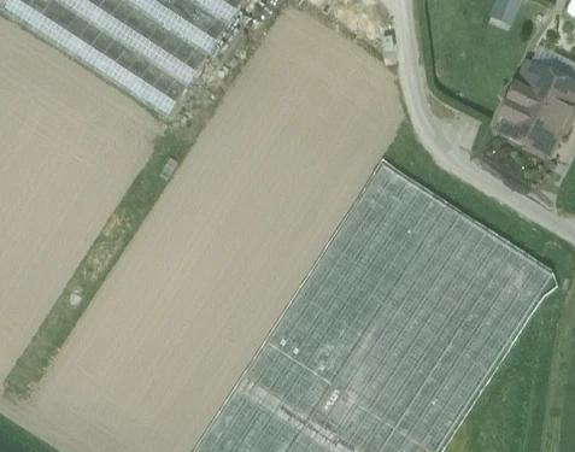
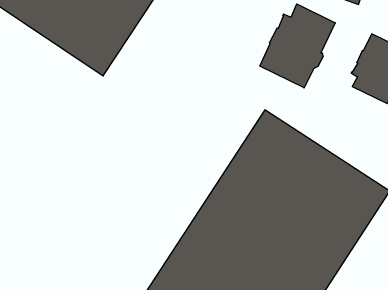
building: none -> [260,4,335,88]

